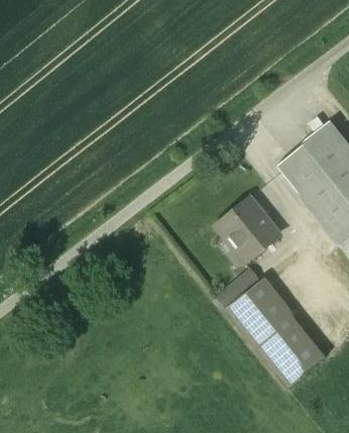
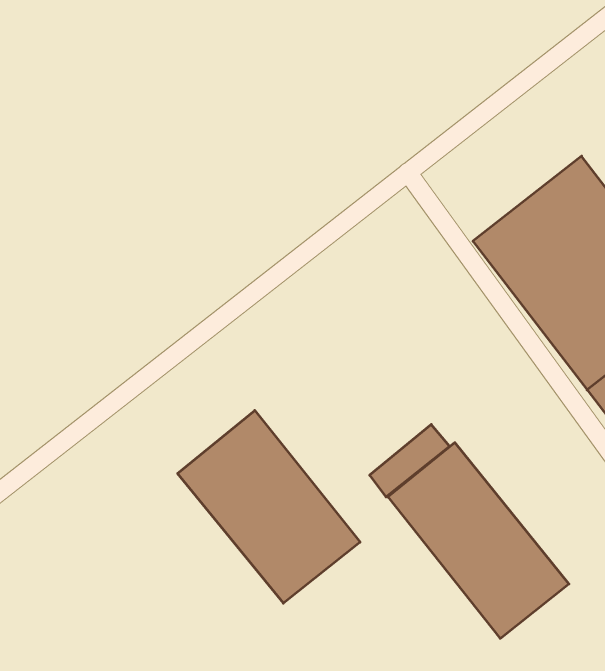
building: [216,197,279,261] -> none
building: none -> [178,410,360,603]

